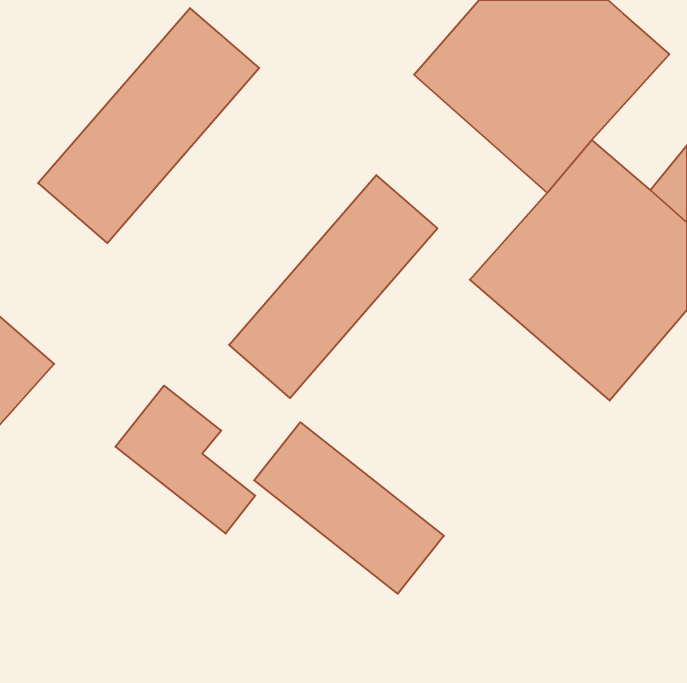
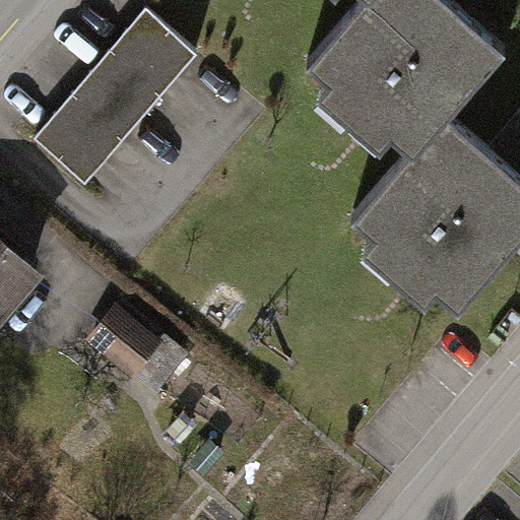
building: [229,175,437,398] -> none
building: [254,422,444,594] -> none

